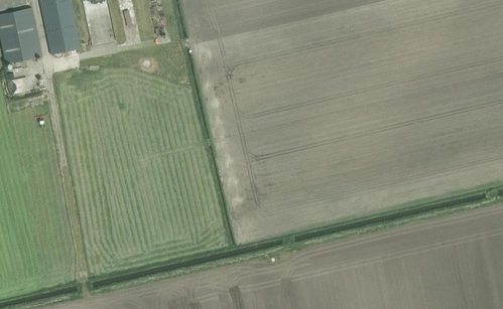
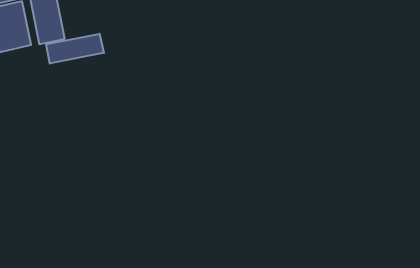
building: none -> [46,34,104,64]

